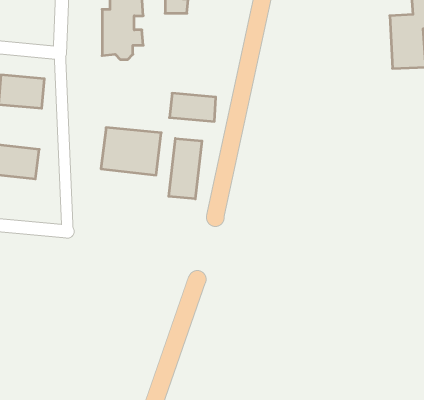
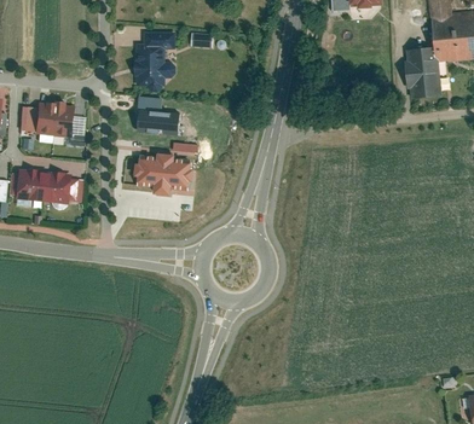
building: [169,93,216,121] -> [137,109,180,135]
building: [169,138,202,199] -> none

